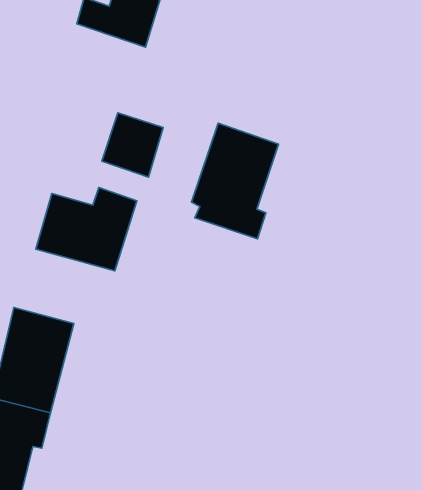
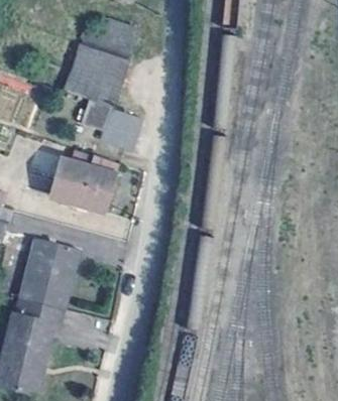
building: none -> [66,44,126,106]
building: [192,123,279,239] -> none

